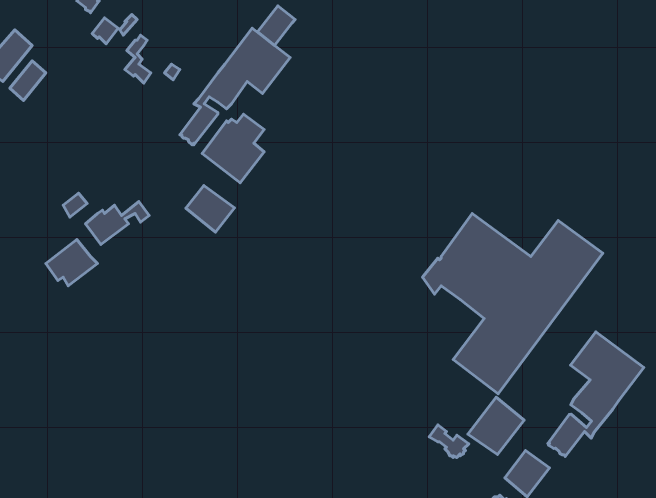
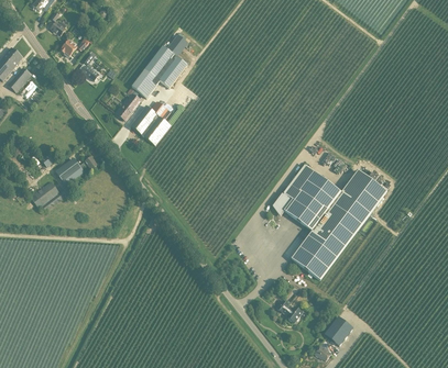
building: [186,186,234,232] -> none
building: [548,332,644,457] -> none
building: [468,397,524,455] -> none

